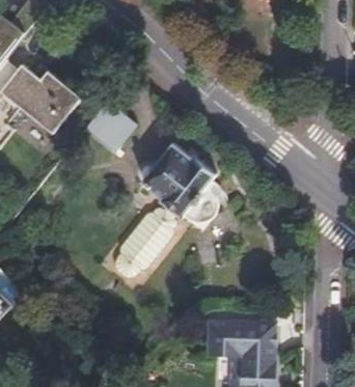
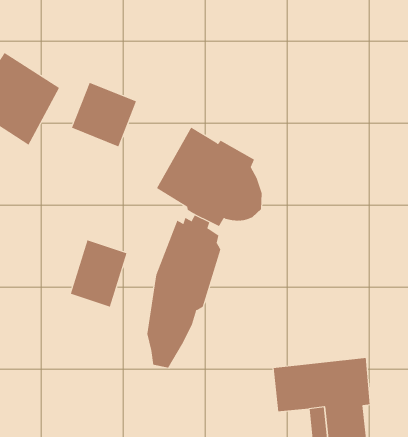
building: none -> [70,240,127,307]

